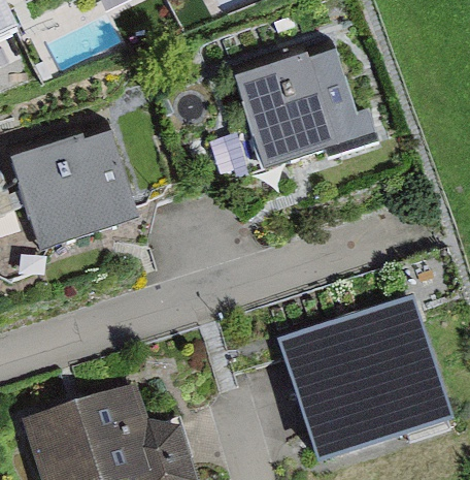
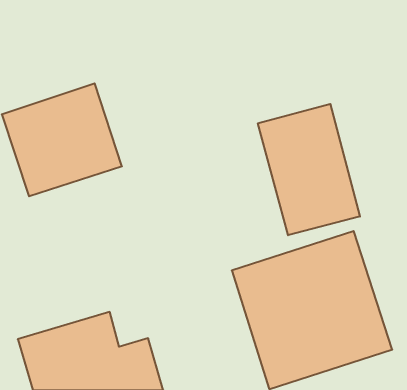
building: [244,55,363,166] -> none
building: none -> [258,104,360,235]

